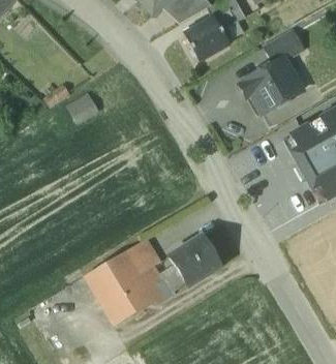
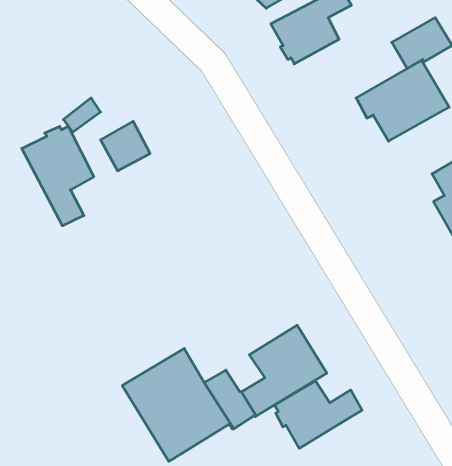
building: none -> [22,126,94,226]
building: [125,238,159,273] -> none
building: none -> [274,381,362,448]

